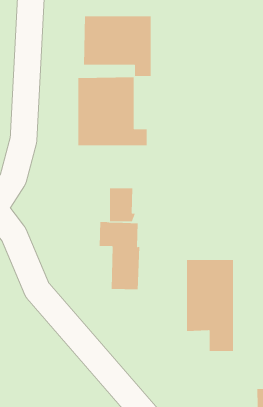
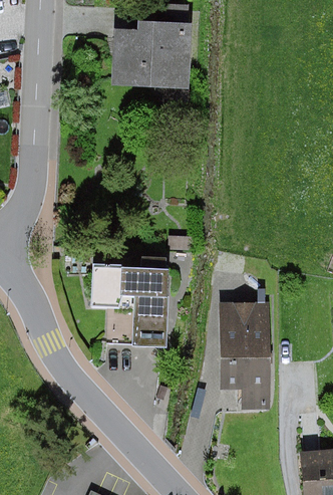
building: [78,77,147,146] -> none
building: [109,188,136,222] -> [93,264,124,303]

